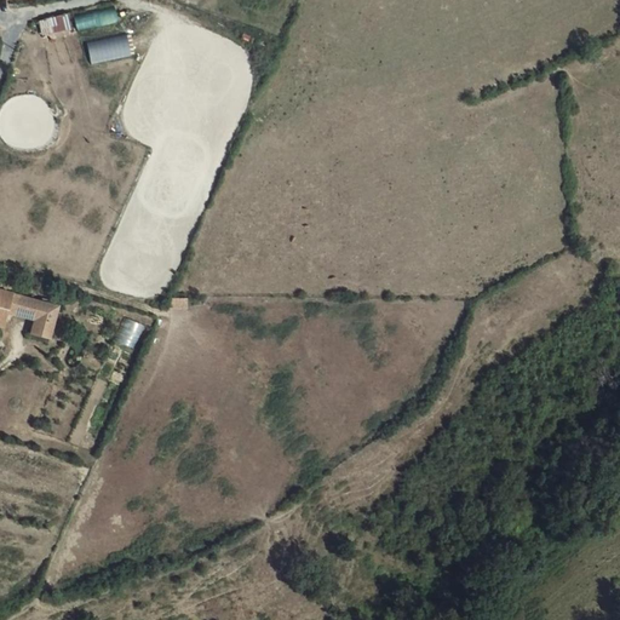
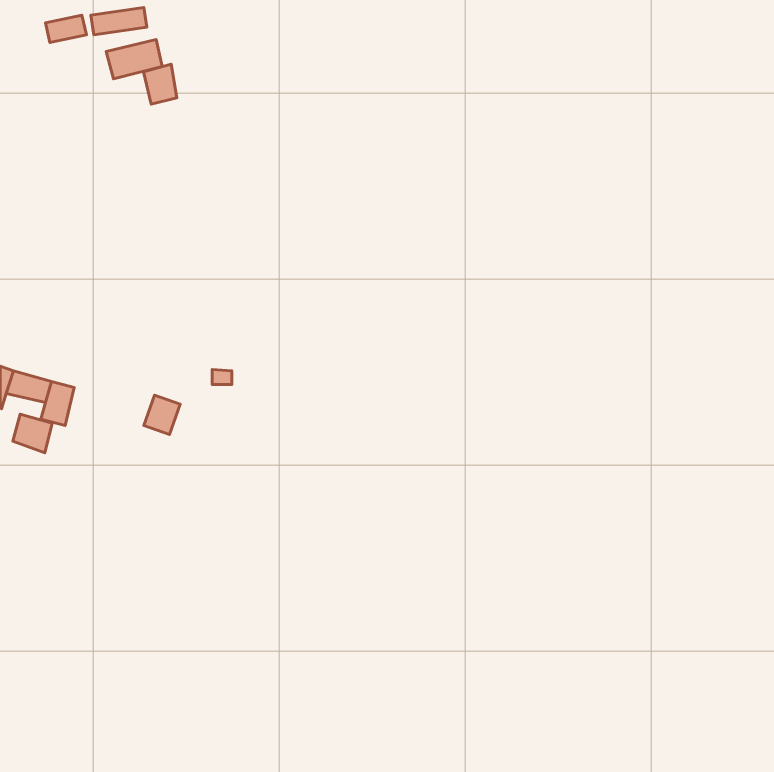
building: none -> [143,64,177,104]
building: none -> [13,414,52,453]

